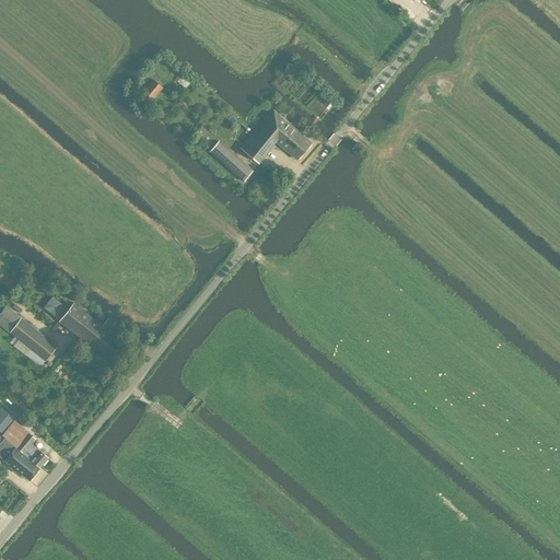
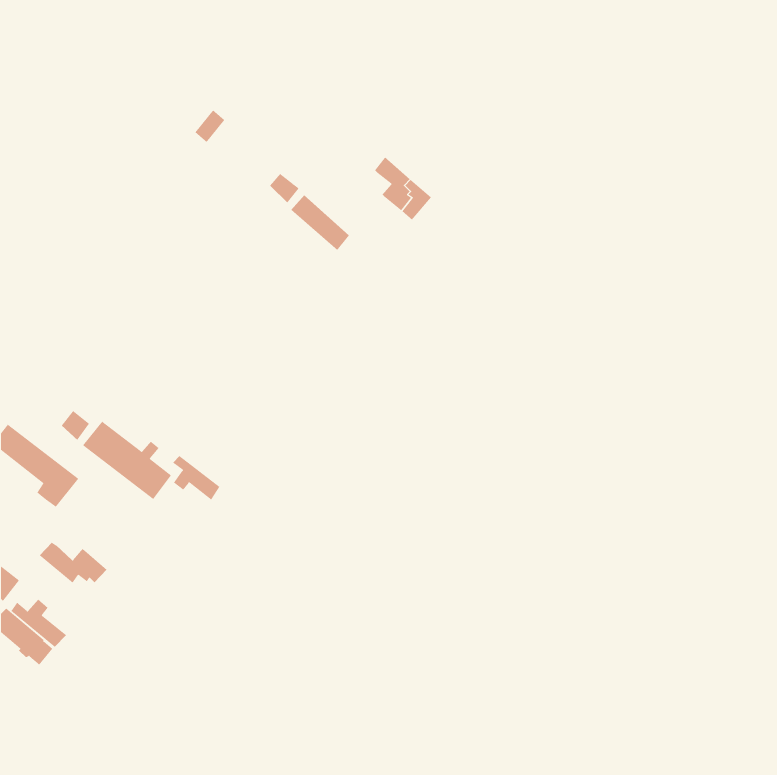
building: [241,108,281,162] -> none
building: none -> [172,455,220,500]
building: none -> [39,542,108,583]

